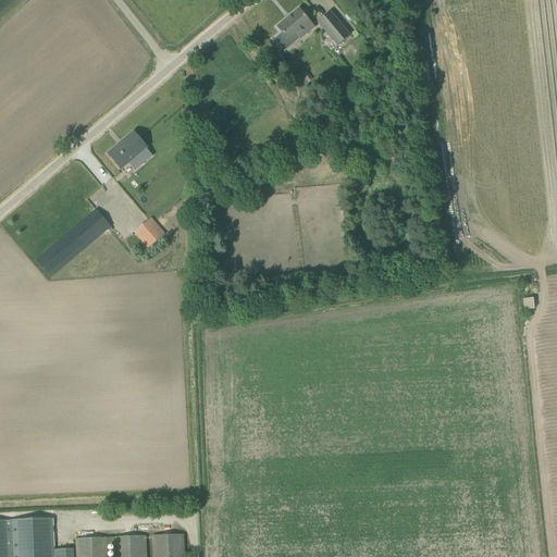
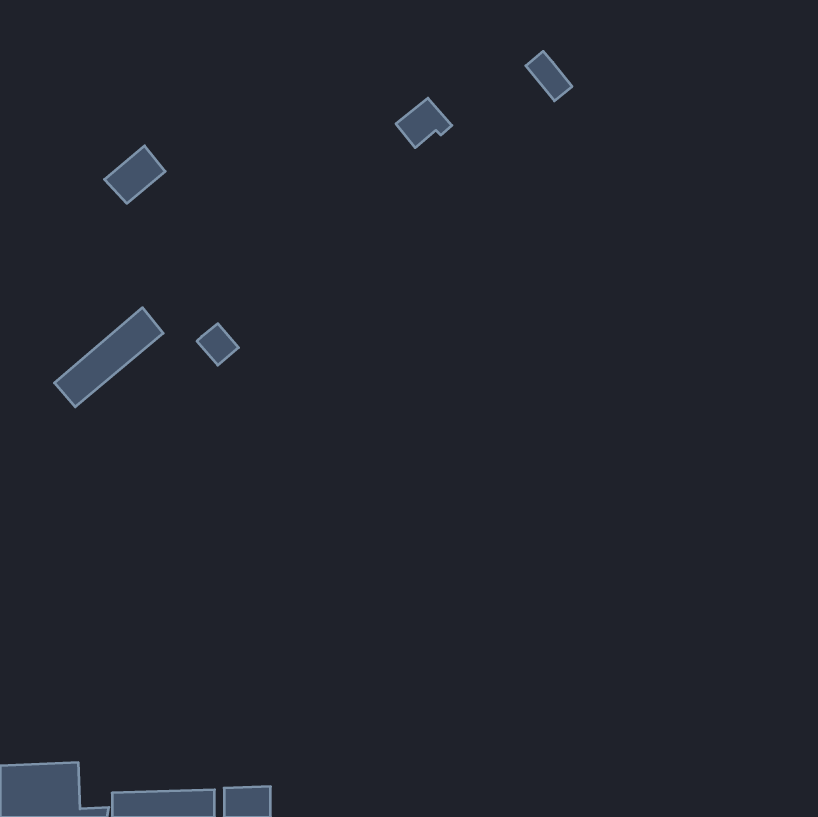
building: [277,9,315,42] -> [396,98,452,148]
building: [319,12,350,46] -> [526,51,572,101]
building: [107,131,148,170] -> [104,146,165,203]

